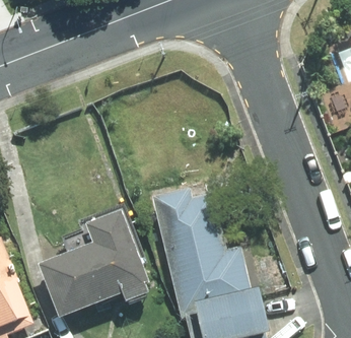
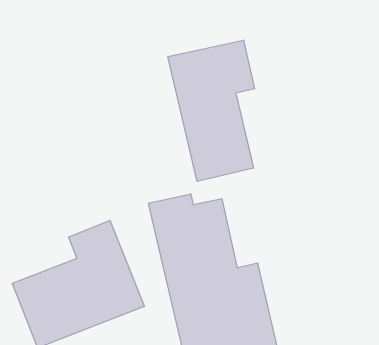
building: none -> [168,40,255,181]

